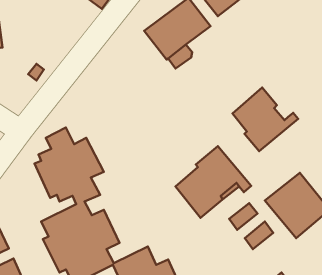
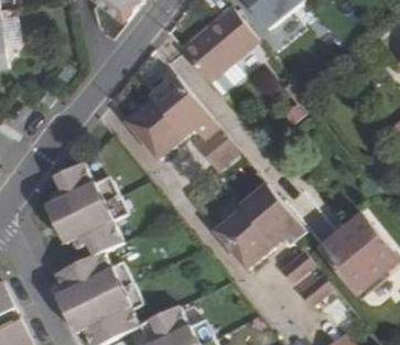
building: none -> [126,76,237,170]
building: [233,88,298,151] -> none

